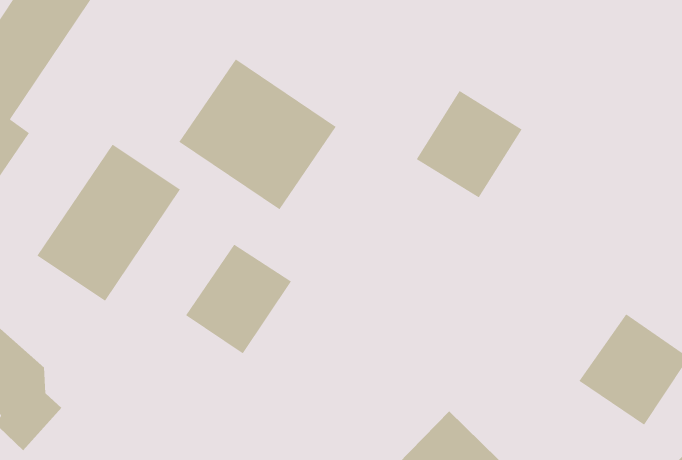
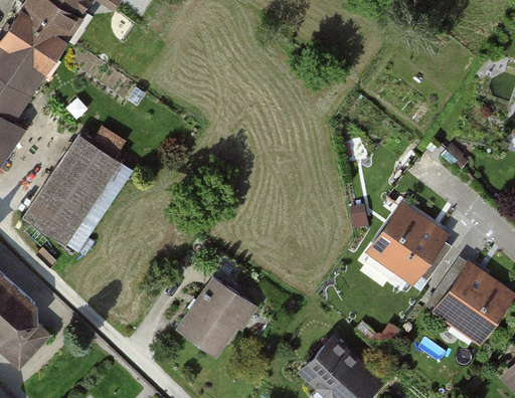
building: [179,58,337,210] -> none
building: [416,90,522,198] -> [366,203,446,283]
building: [185,244,292,354] -> [178,277,258,360]

